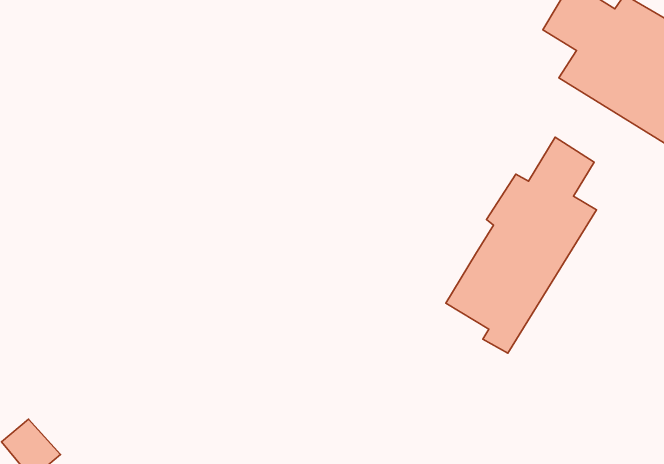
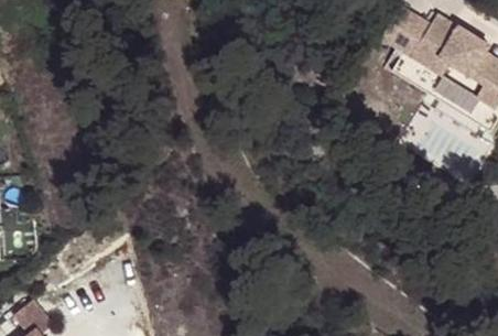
building: [446,137,597,353] -> none

